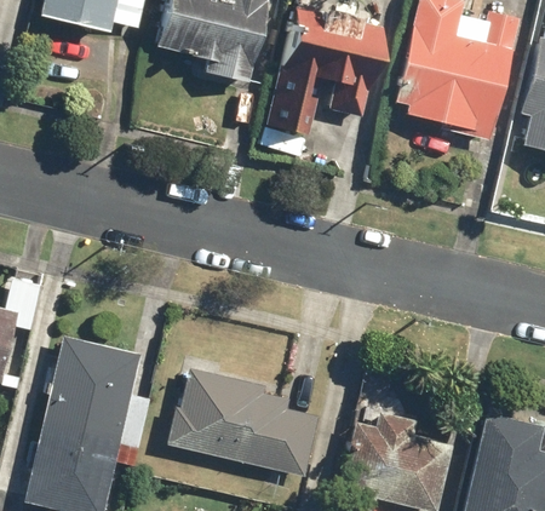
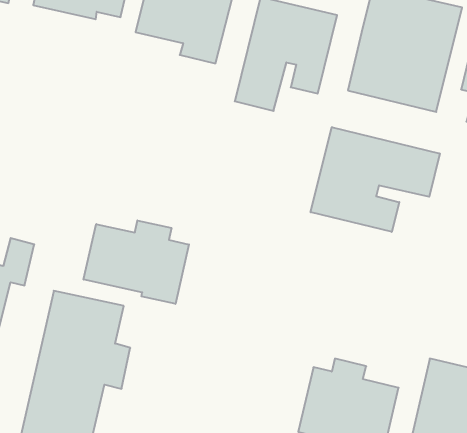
building: none -> [311,127,440,232]
building: none -> [84,220,189,304]
building: [165,368,319,478] -> none

